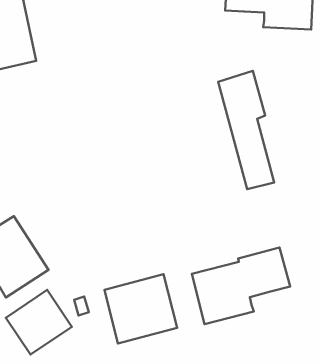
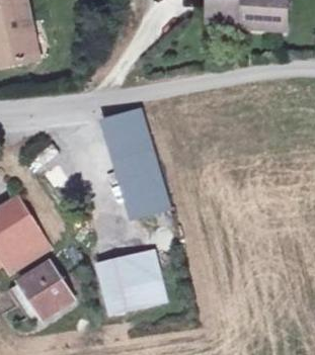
building: [218,71,274,189] -> [111,107,162,214]
building: [192,247,290,324] -> none

